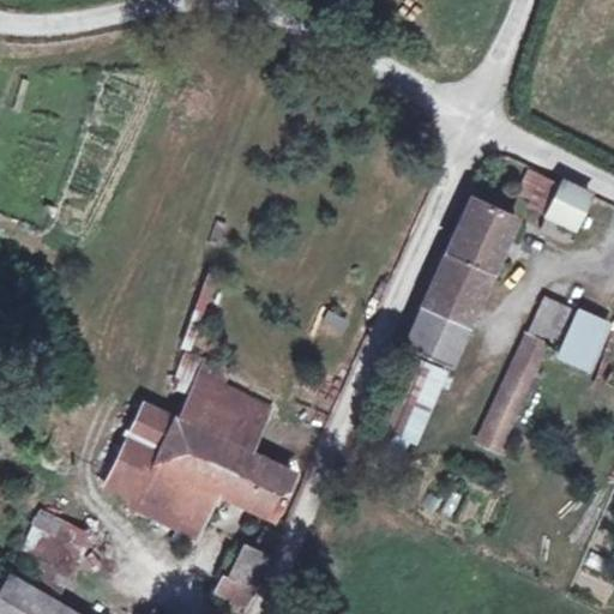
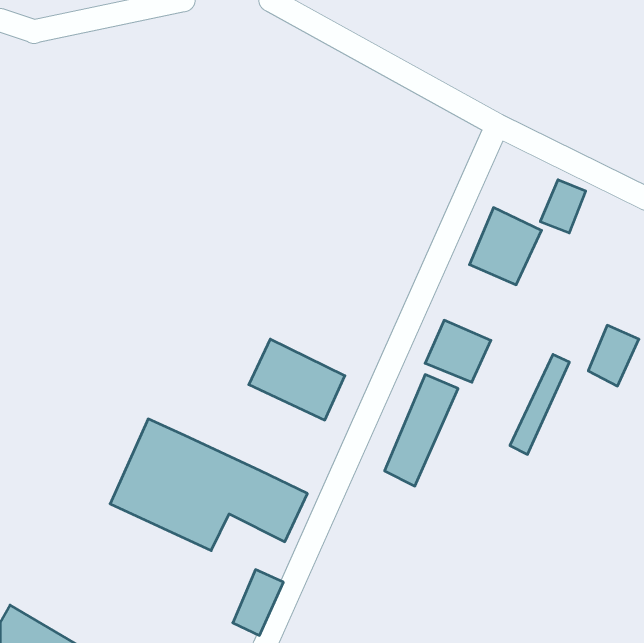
building: [550,181,594,227] -> none
building: [423,254,492,326] -> none
building: [526,297,578,355] -> none
building: [177,373,269,450] -> [249,339,345,420]
building: [25,513,90,579] -> none

